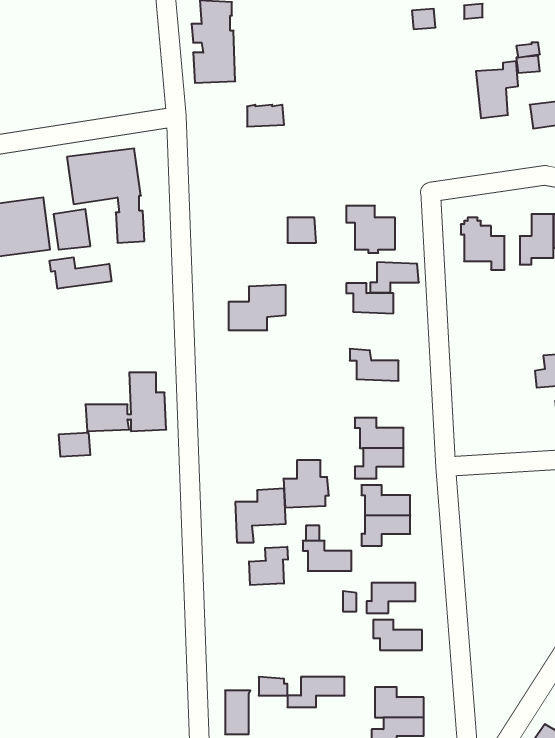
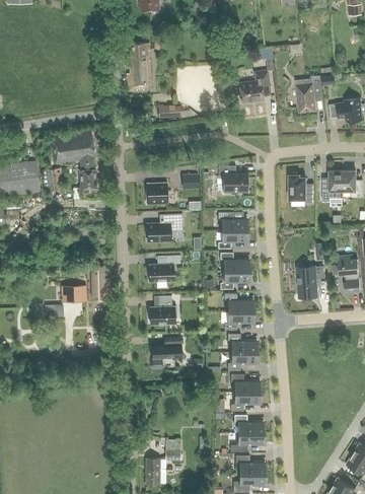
building: none -> [239,70,270,101]
building: none -> [145,183,167,203]
building: [50,257,111,289] -> none
building: [370,262,419,292] -> [218,229,247,248]
building: none -> [148,254,179,281]
building: none -> [297,266,324,293]
building: none -> [220,270,249,288]
building: [283,460,329,507] -> [149,295,176,324]
building: [303,541,351,571] -> [230,374,260,393]
building: [249,547,288,585] -> none
building: [287,677,345,707] -> [229,433,264,451]

